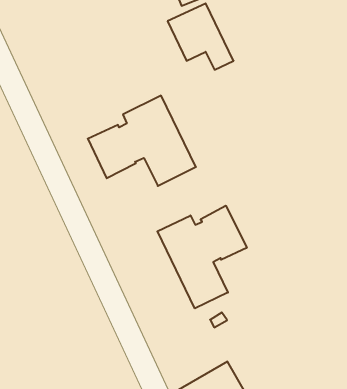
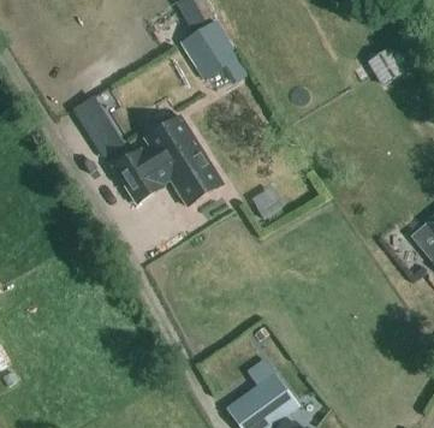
building: none -> [76,90,121,154]
building: [157,206,247,308] -> none

